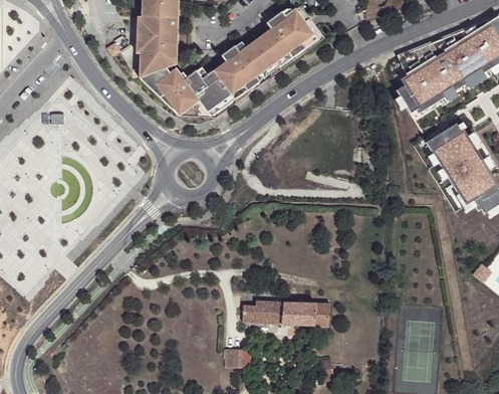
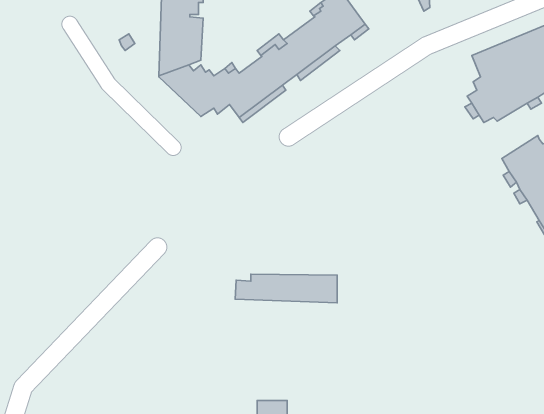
building: [241,302,326,326] -> [235,274,337,303]

